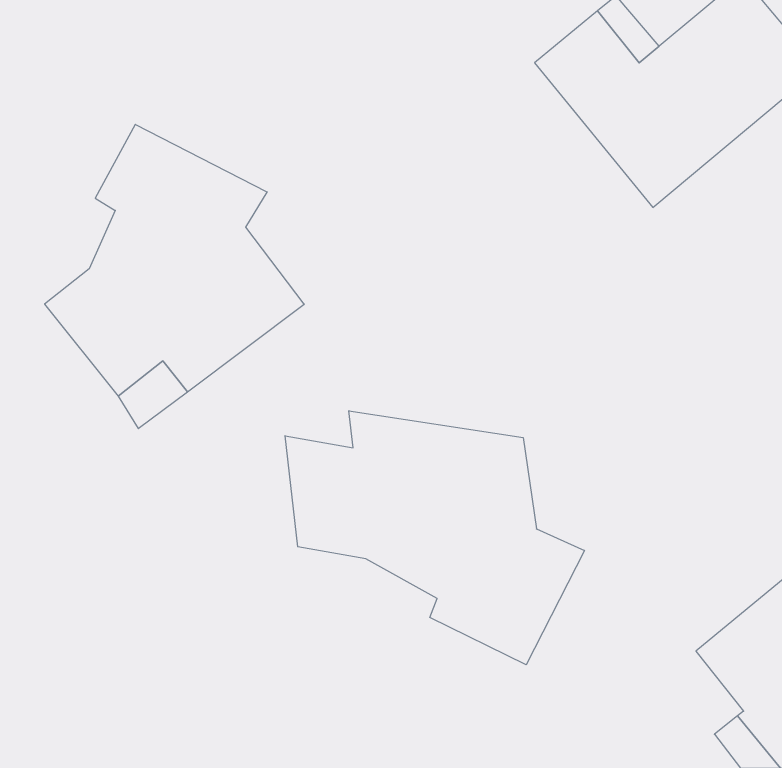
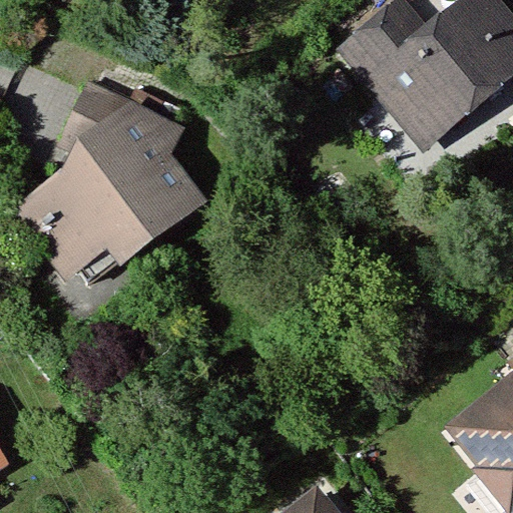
building: [285,411,584,665] -> none

